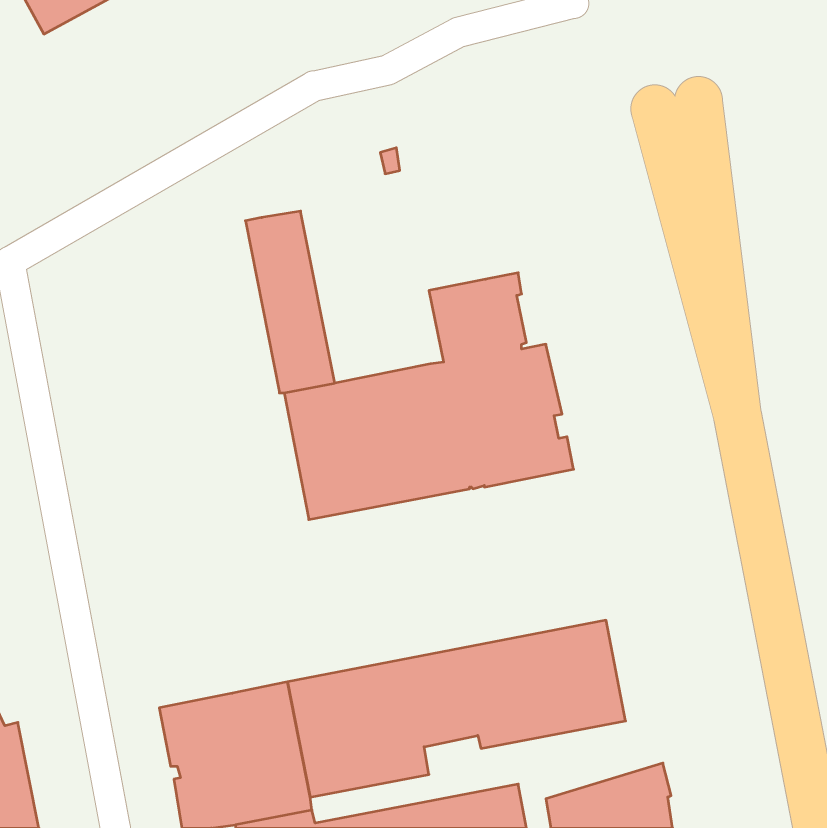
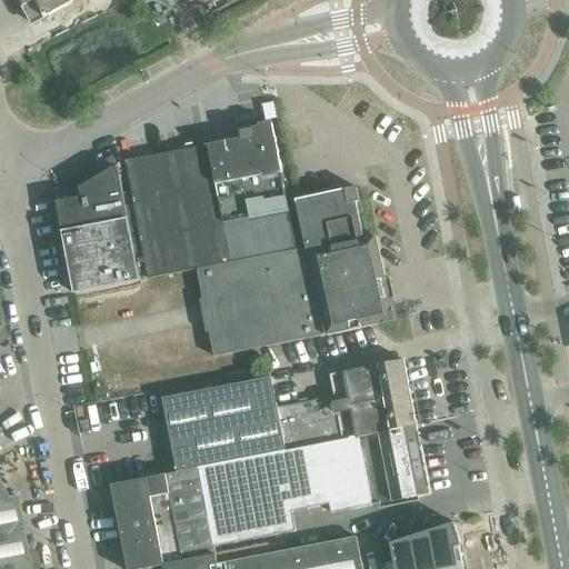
building: none -> [206,123,295,262]
building: none -> [123,151,191,278]
building: none -> [54,167,138,292]
building: none -> [157,360,415,475]

